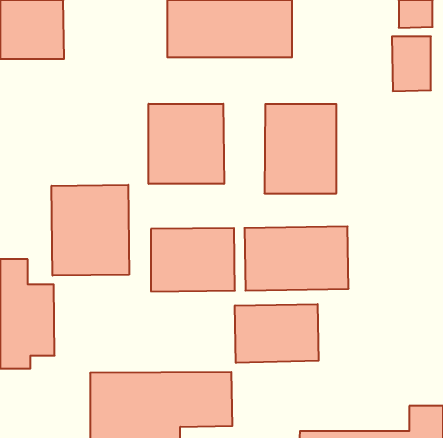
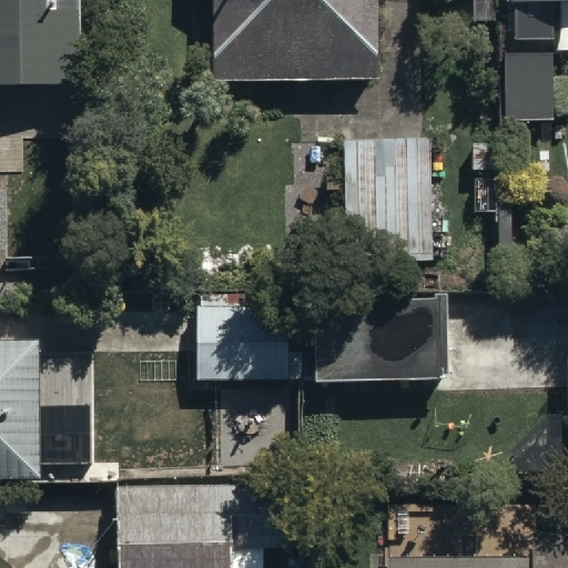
building: [149,104,224,184] -> none
building: [52,185,129,276] -> none
building: [235,304,319,363] -> none

